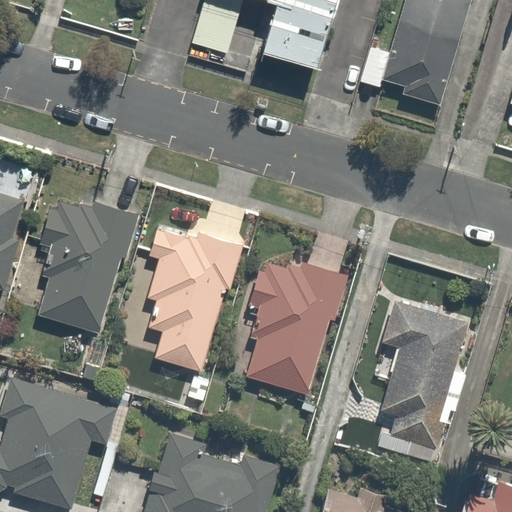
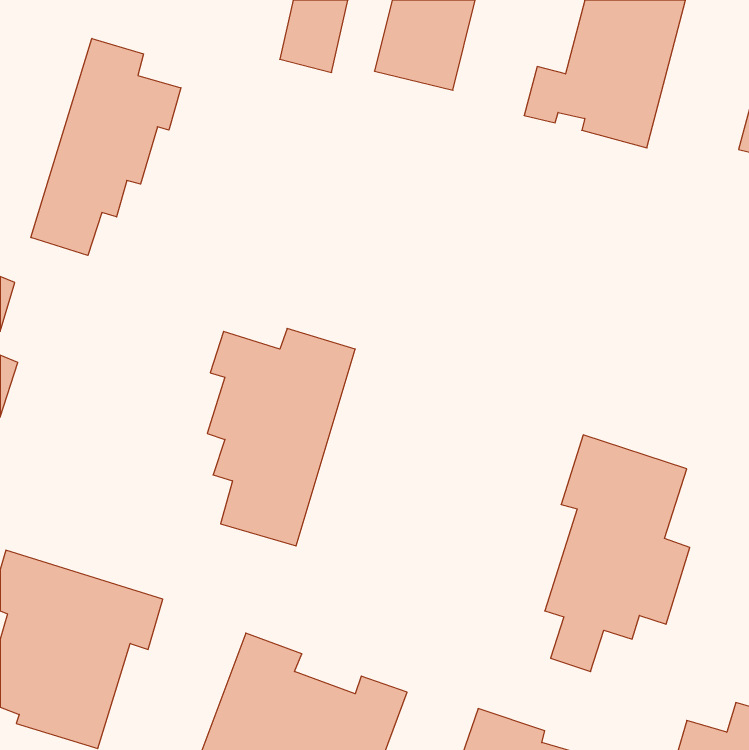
building: none -> [31,38,181,255]
building: [36,200,136,333] -> none
building: [247,261,345,392] -> none

